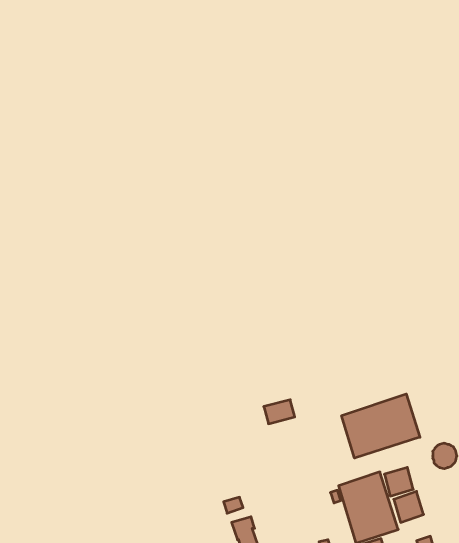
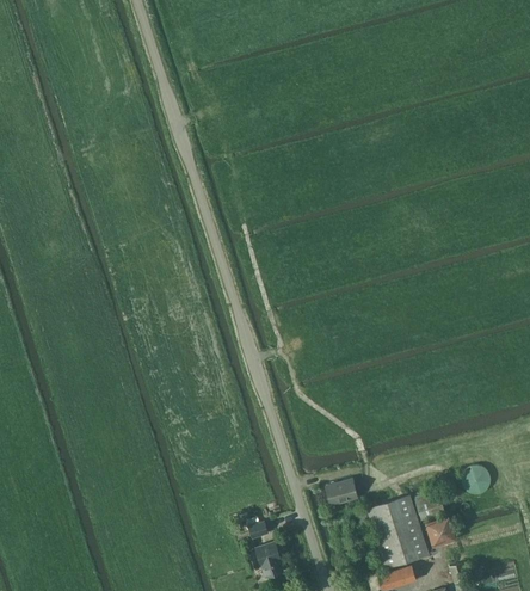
building: [342,394,420,458] -> none
building: [264,400,295,424] -> [326,480,358,505]

